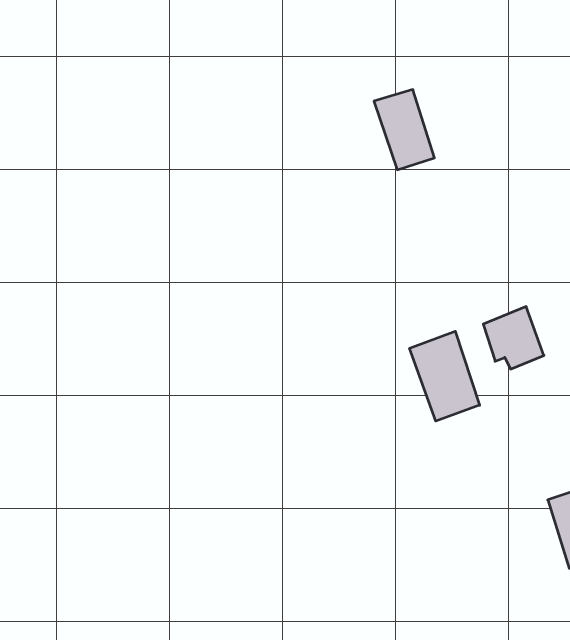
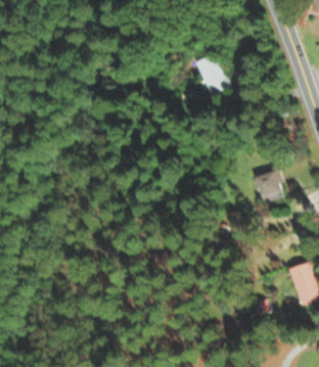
building: [410,331,480,421] -> none

